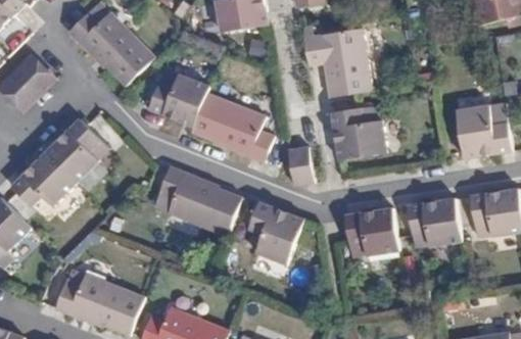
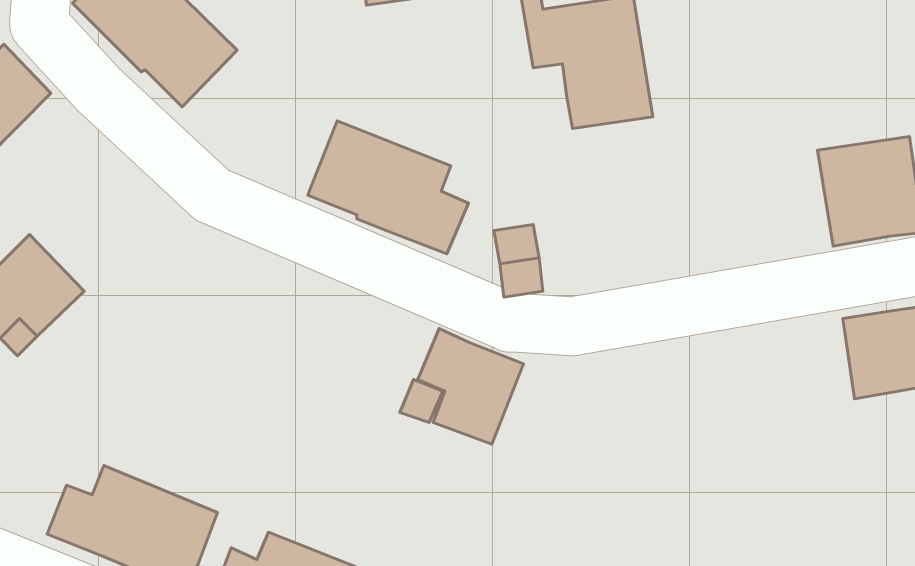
building: [148,69,208,127] -> none
building: [331,105,385,158] -> none
building: [46,118,109,182] -> none
building: [159,166,242,235] -> none
building: [408,198,462,247] -> none
building: [344,208,398,257] -> none

